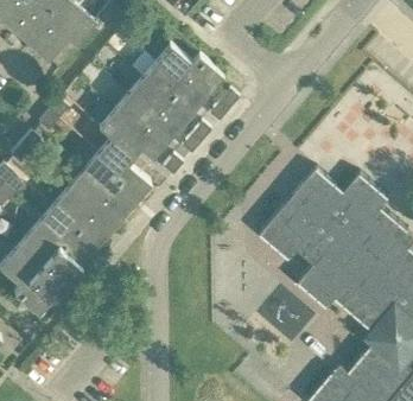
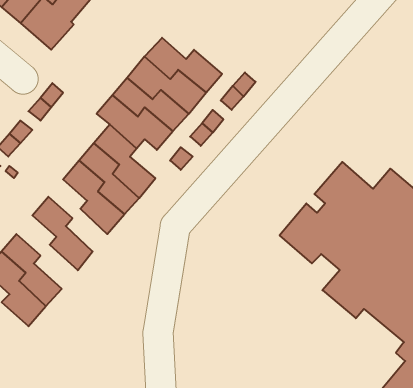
building: [157,43,223,90] -> none
building: [56,184,108,248] -> none
building: [27,216,82,281] -> none

